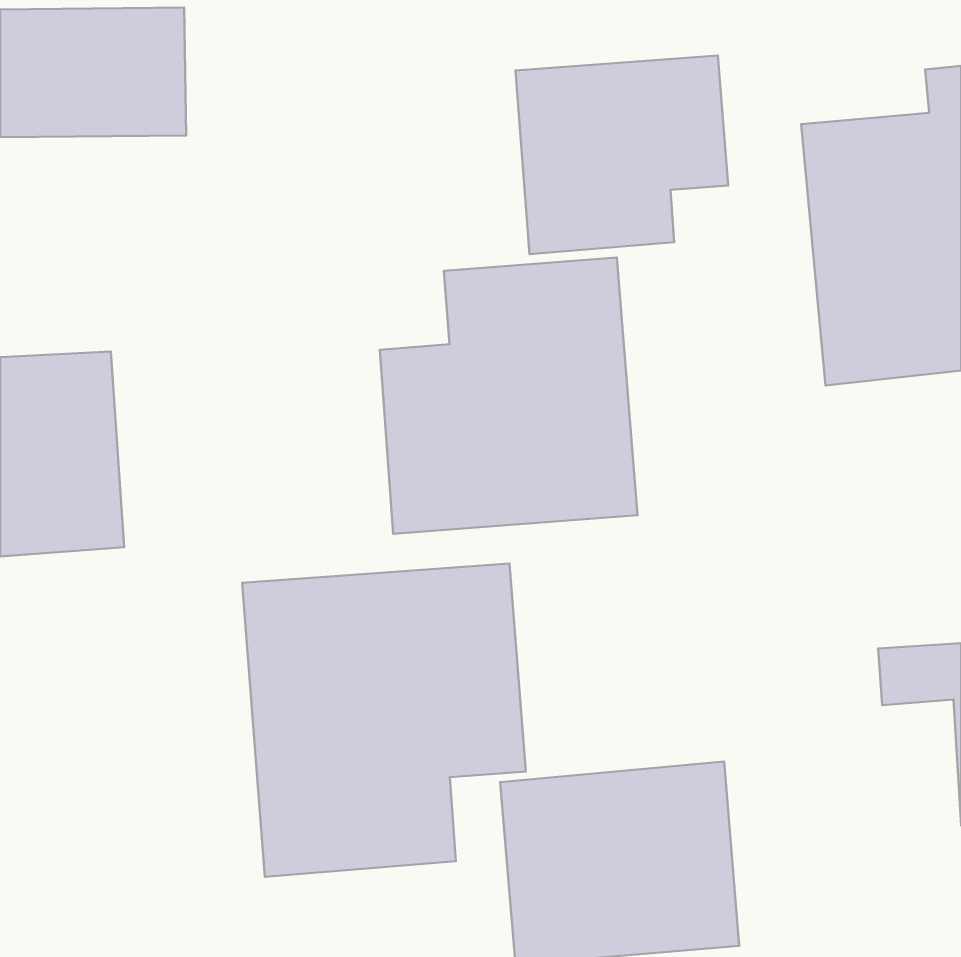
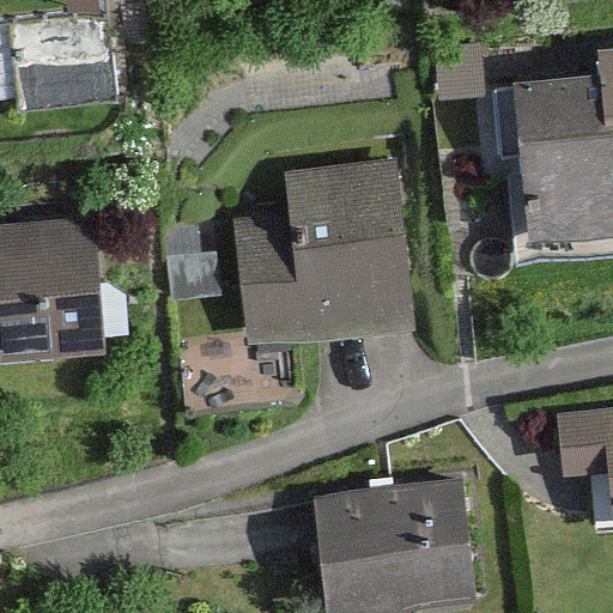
building: [515,56,728,254] -> none
building: [242,563,526,877] -> none

